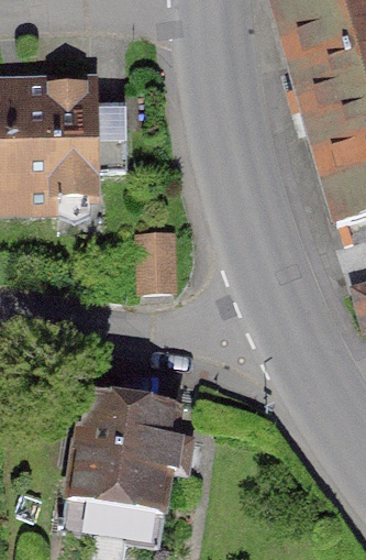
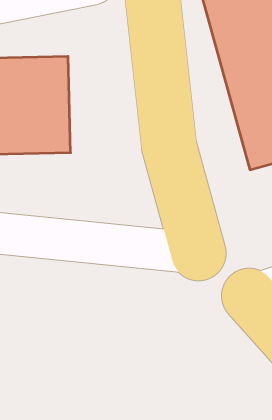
building: [63,382,186,527] -> none

